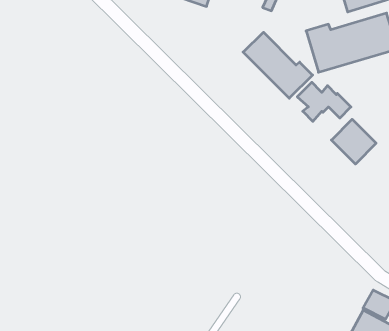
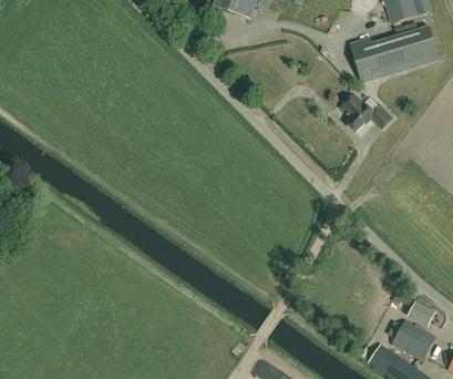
building: [243,32,313,98] -> none
building: [331,119,376,164] -> none

